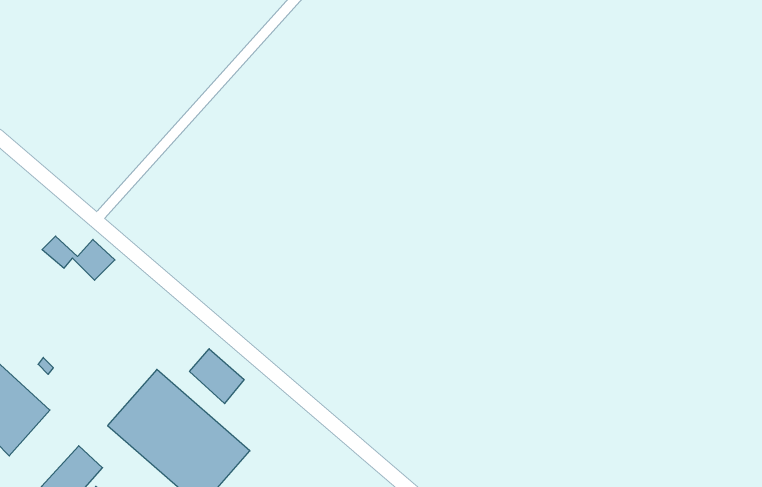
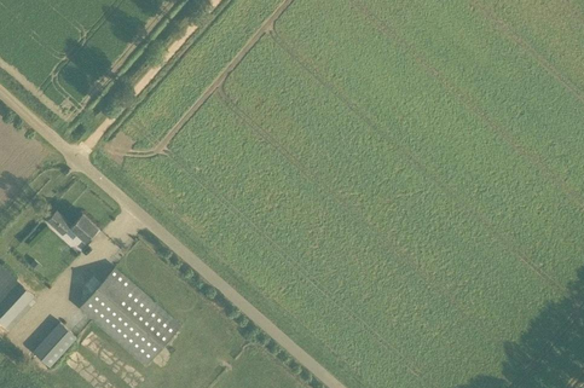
building: [42,236,115,280] -> [45,209,97,241]
building: [190,349,244,404] -> none

